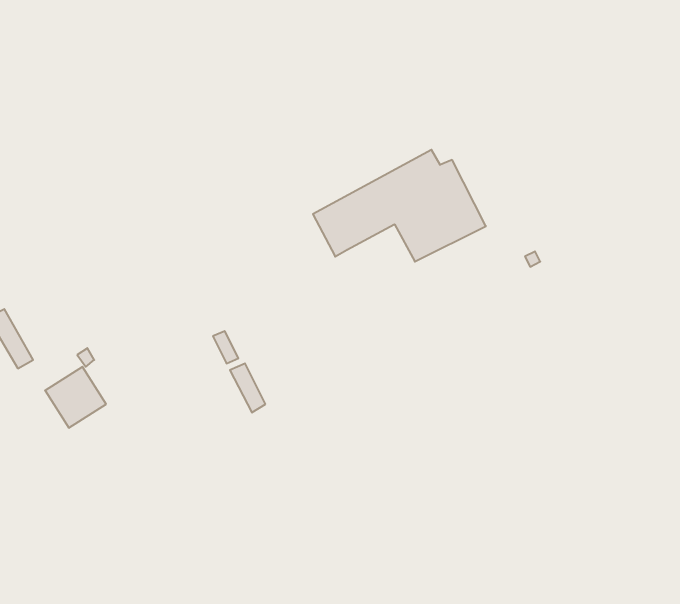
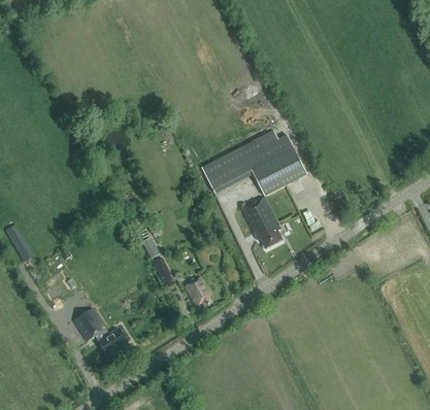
building: none -> [238,197,282,247]
building: none -> [184,277,211,306]
building: none -> [72,308,126,354]

